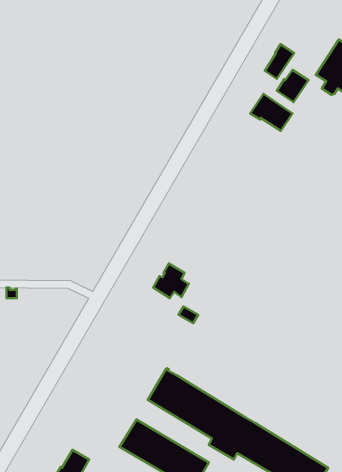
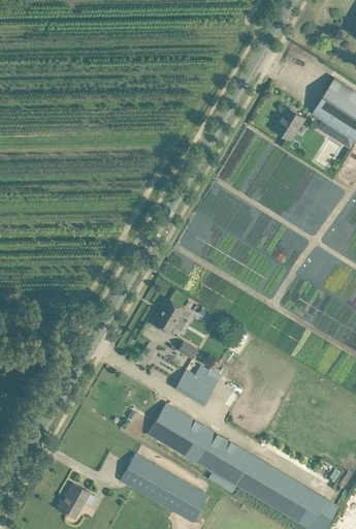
building: [265,44,294,79] -> none
building: [250,94,293,131] -> none
building: none -> [174,369,214,403]

